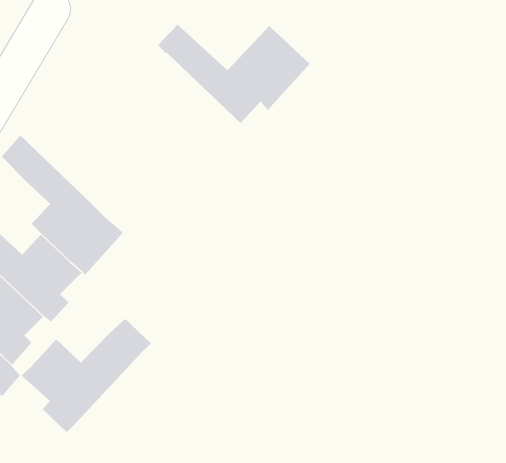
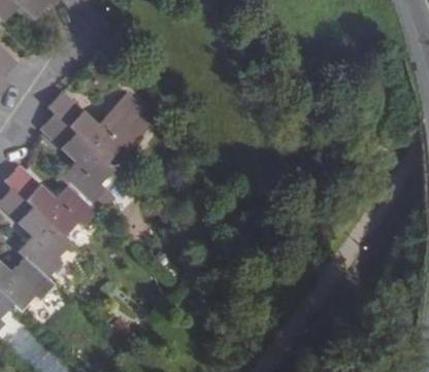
building: [157,24,311,124] -> [46,91,157,163]
building: [21,318,152,433] -> none

